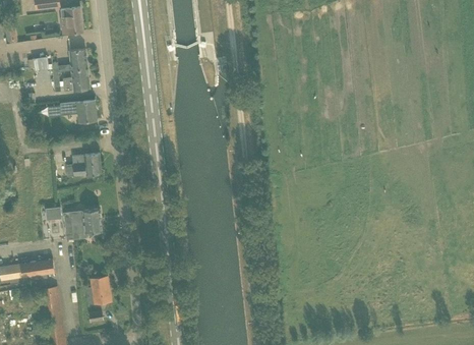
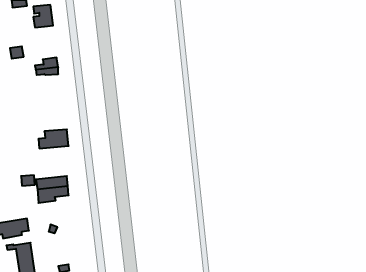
building: [52,49,87,73] -> none
building: [60,100,97,124] -> none
building: [85,277,111,305] -> none

